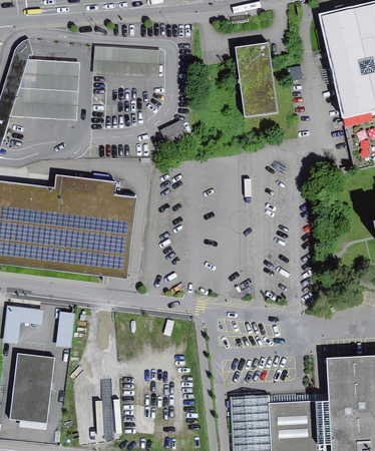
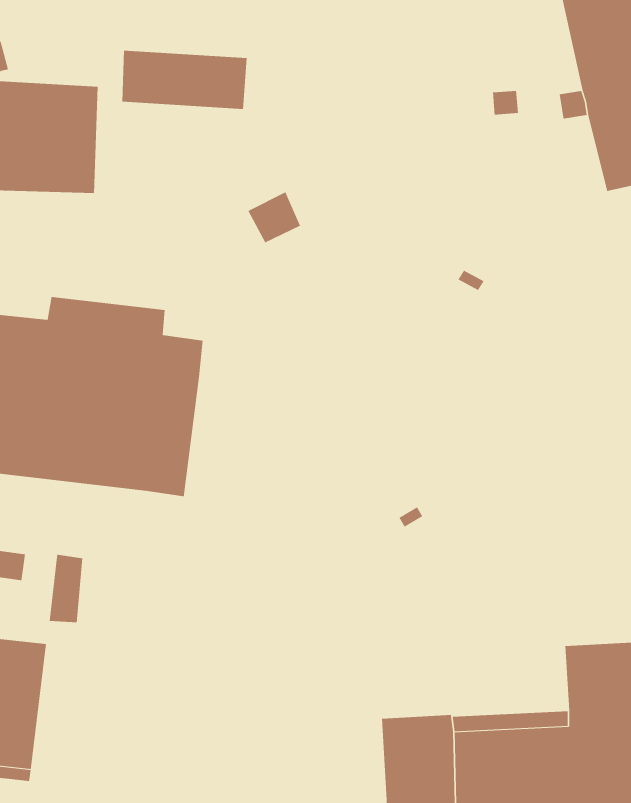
building: [233,42,277,117] -> none

